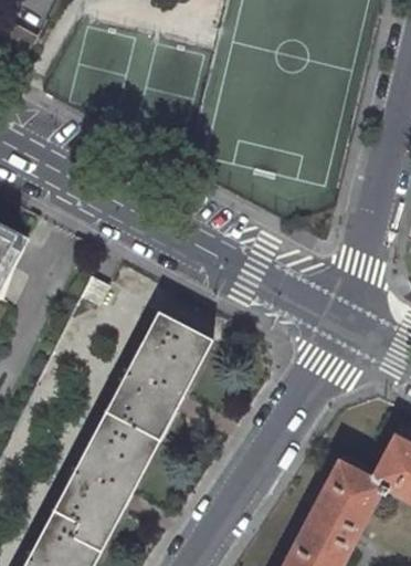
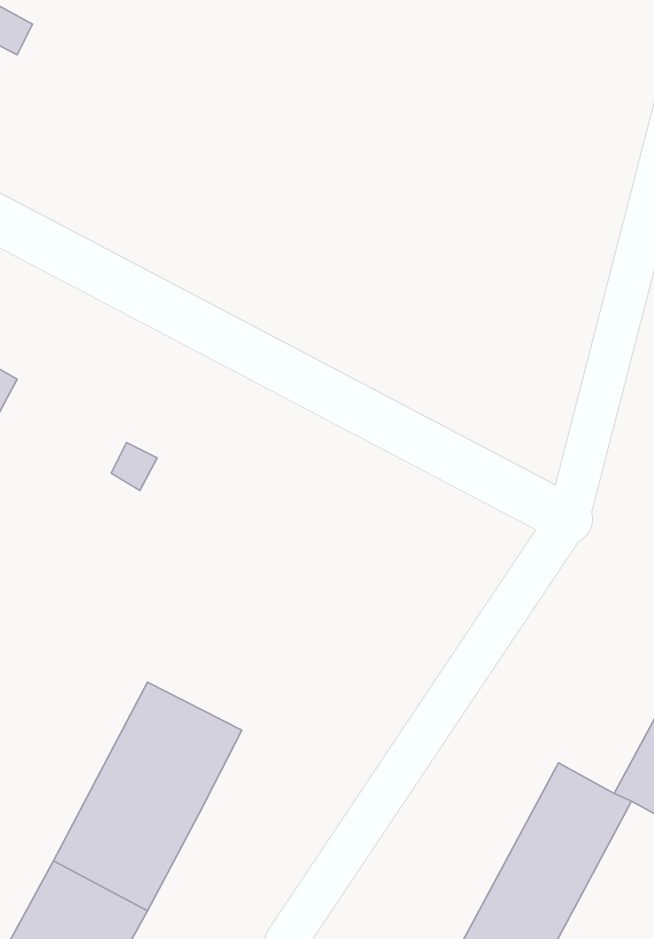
building: [103,311,212,443] -> none

